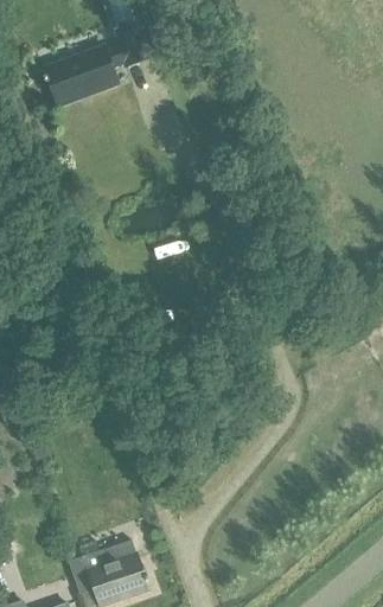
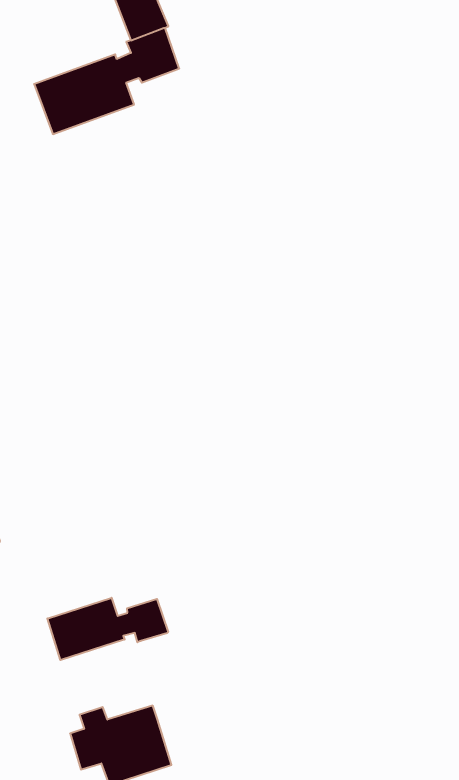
building: none -> [47,598,168,660]

